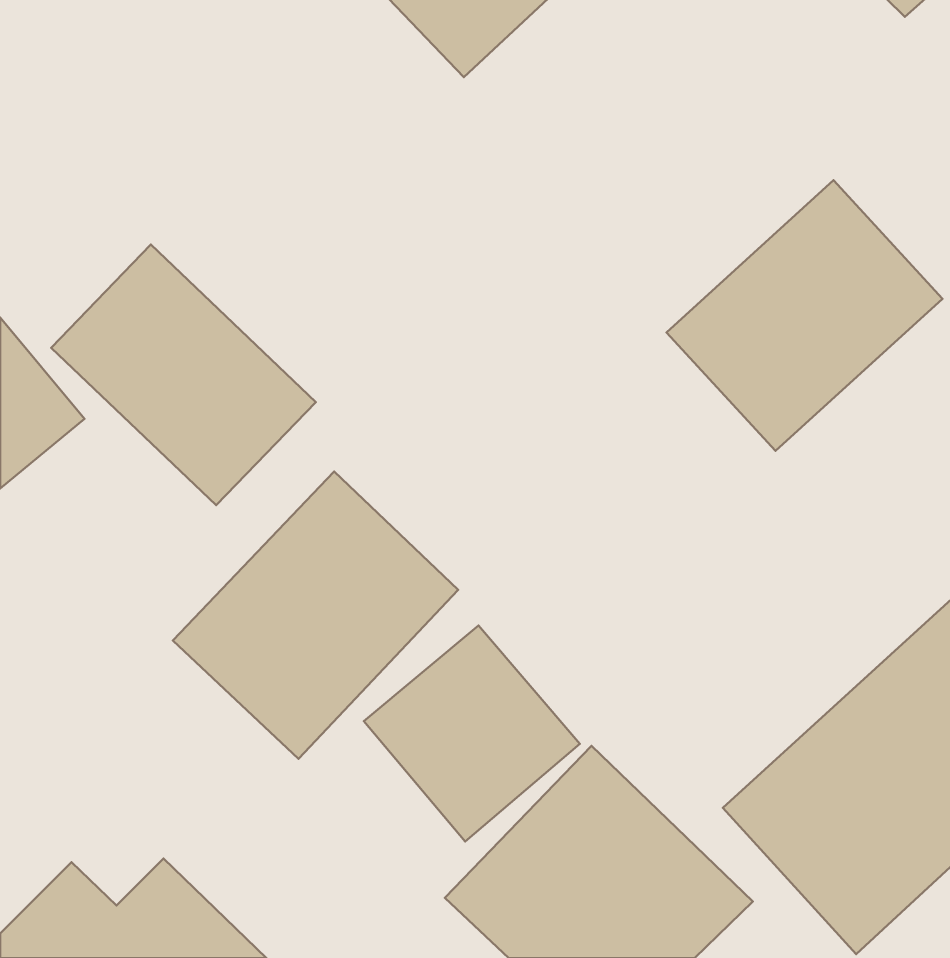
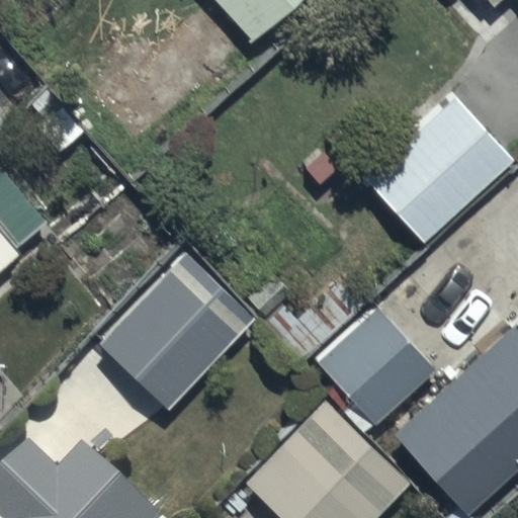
building: [51,245,316,505] -> none
building: [364,625,580,841] -> [318,310,434,426]

